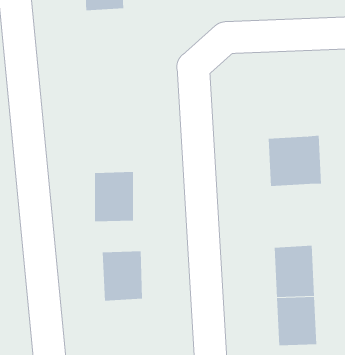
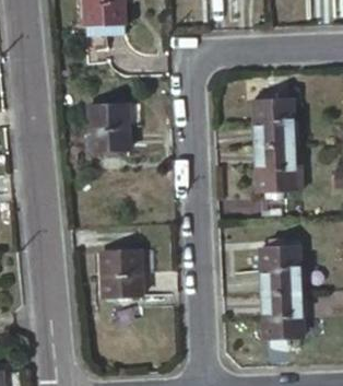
building: none -> [255,97,294,145]
building: [94,172,134,222] -> [91,103,128,150]

